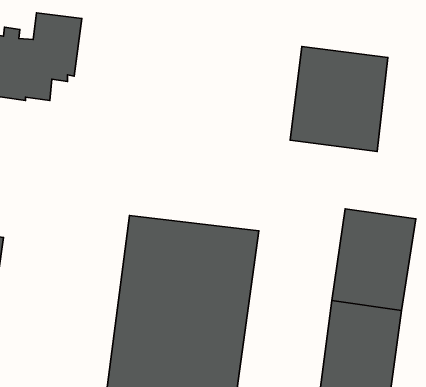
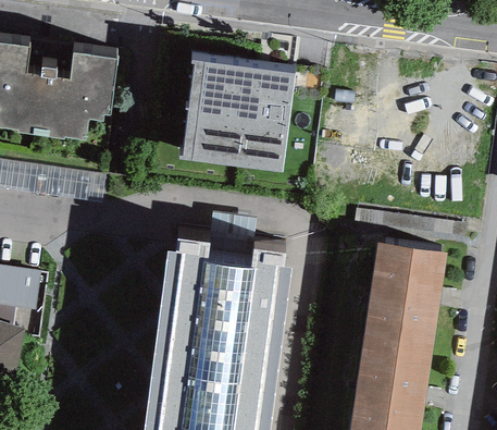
building: none -> [181,58,296,168]
building: [290,46,388,152] -> none

